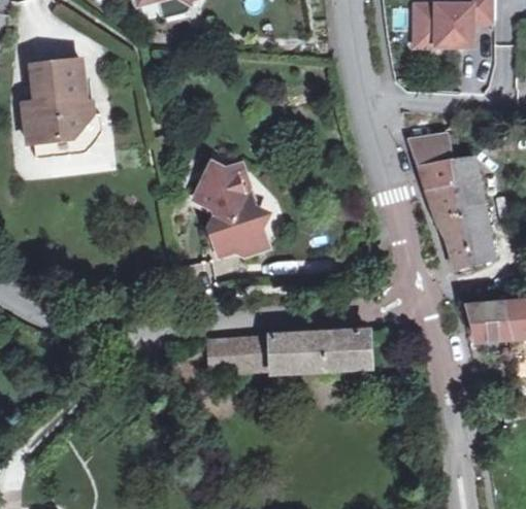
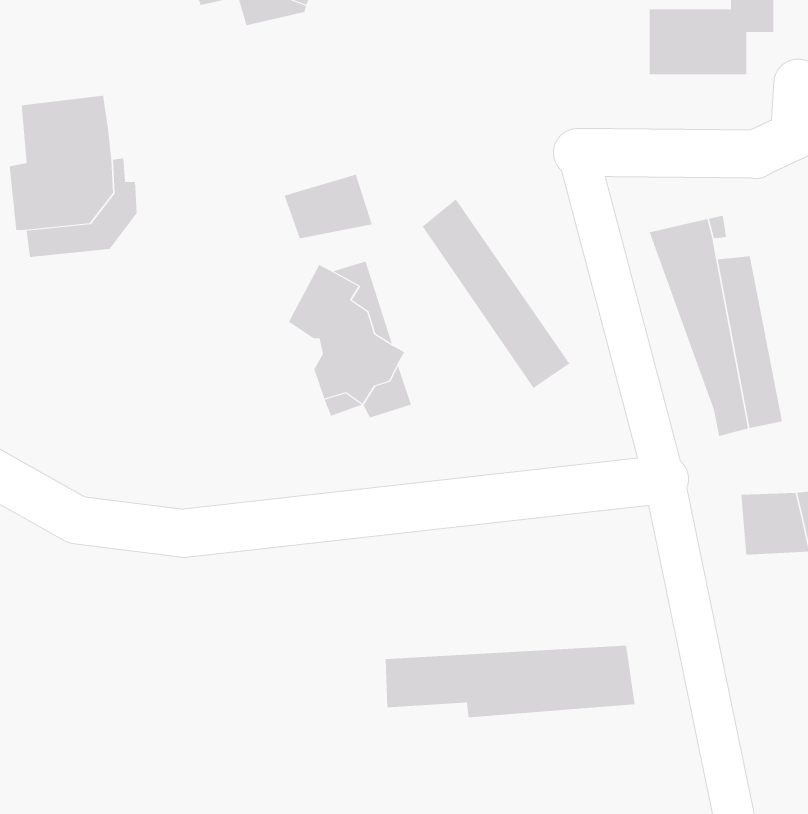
building: none -> [284,174,372,239]
building: none -> [422,199,570,389]
building: [216,328,368,372] -> [385,645,635,718]

